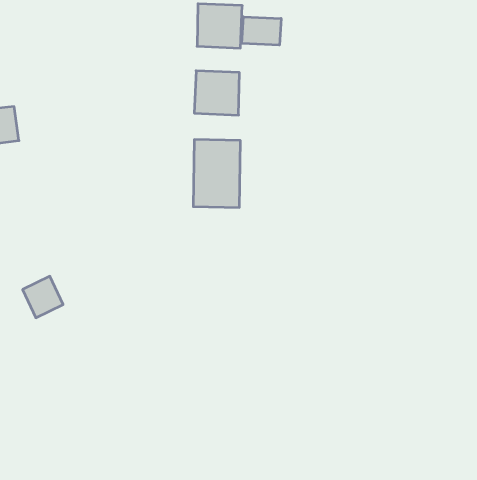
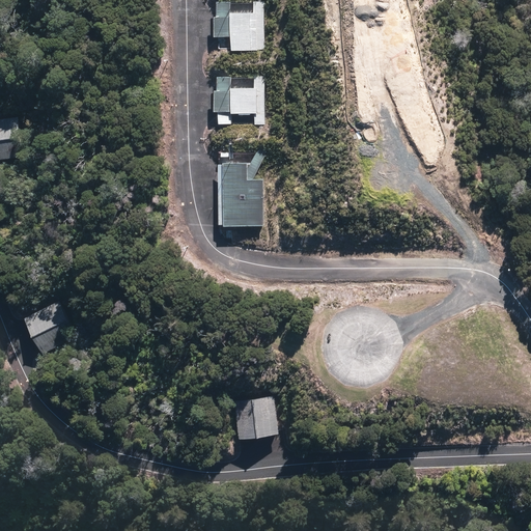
building: [242,17,281,45] -> none
building: none -> [231,396,272,434]

